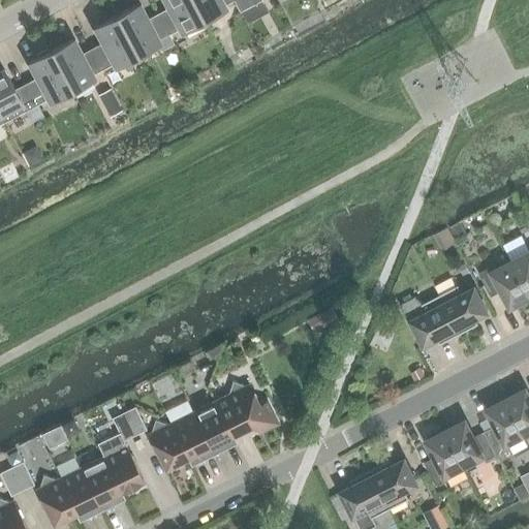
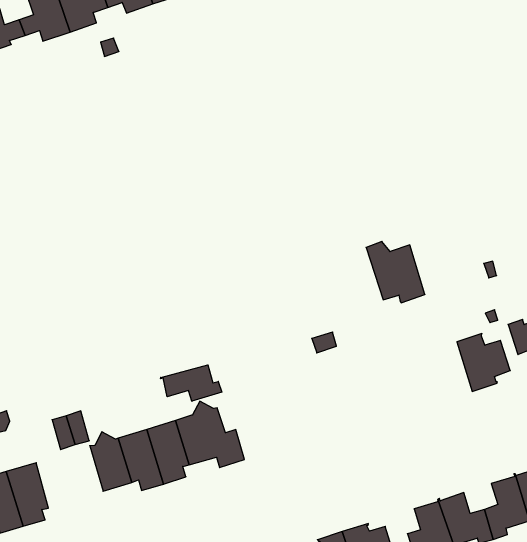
building: [403,297,459,346] -> [366,241,425,303]
building: none -> [161,365,222,401]
building: [104,444,144,493] -> none

